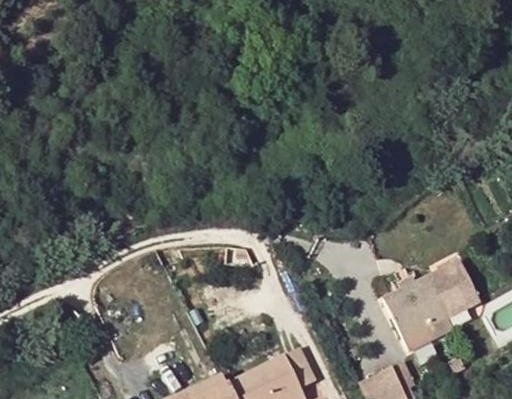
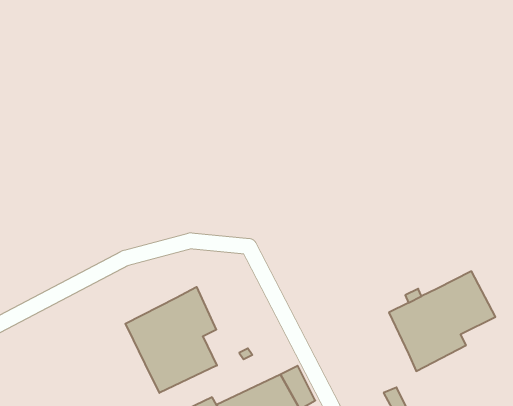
building: none -> [125,287,217,393]

